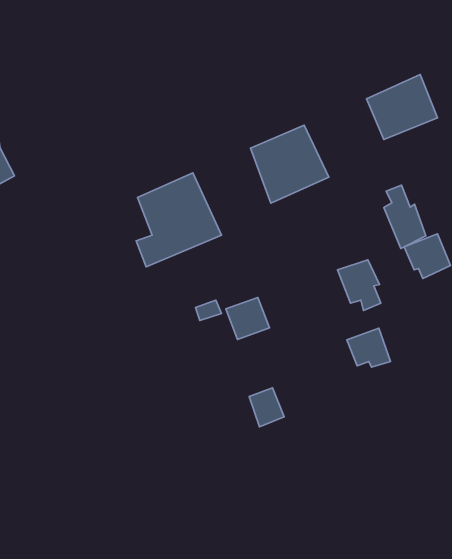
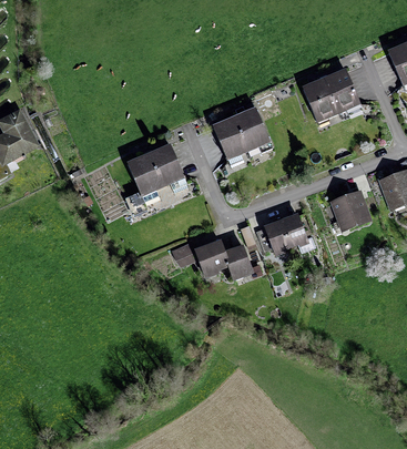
building: [384,185,426,248] -> none
building: [347,328,390,367] -> [254,220,287,249]
building: [249,388,284,427] -> [224,244,251,274]

